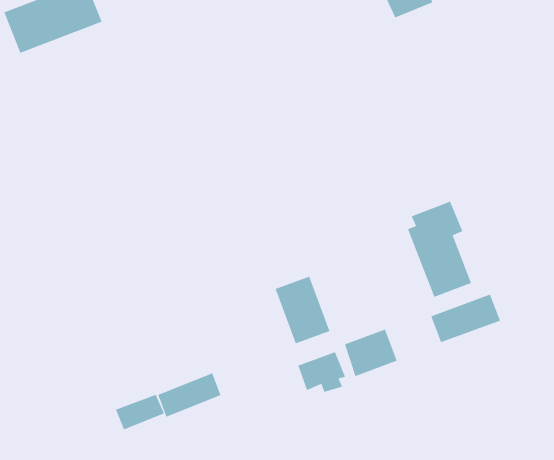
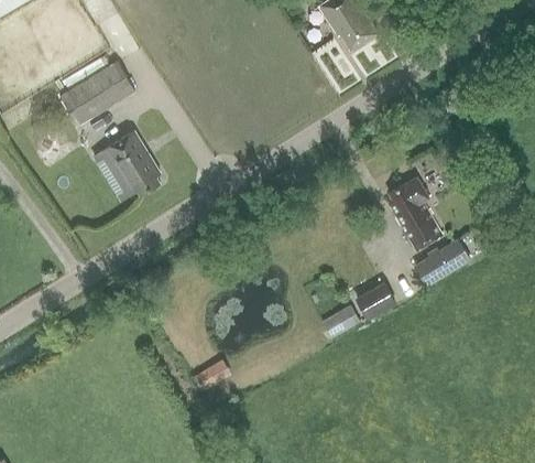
building: none -> [105,129,159,193]
building: [275,276,330,344] -> none
building: [157,373,221,417] -> none

